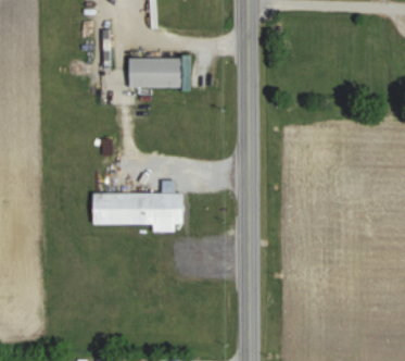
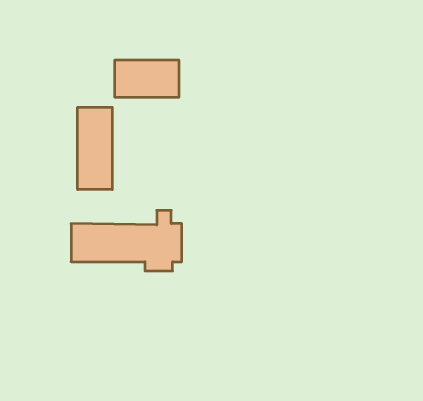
building: none -> [78,107,112,190]

